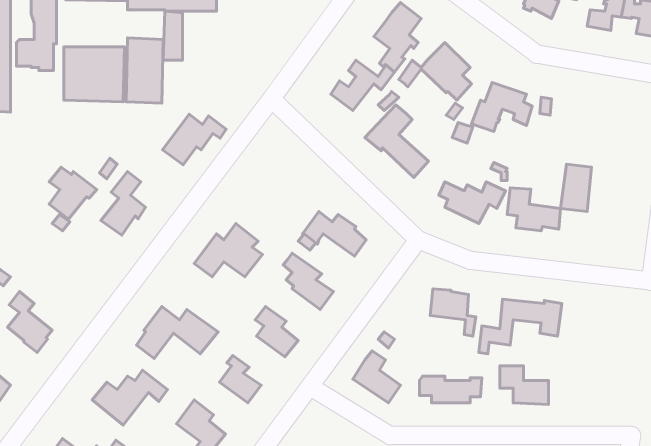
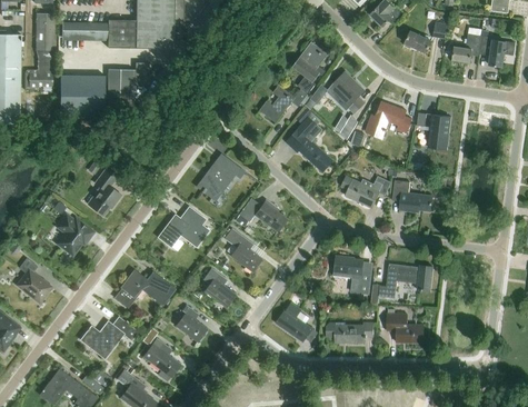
building: [163,114,226,165] -> [197,160,245,198]
building: [560,164,592,212] -> [427,113,450,149]
building: [49,167,97,219] -> [58,216,93,255]

